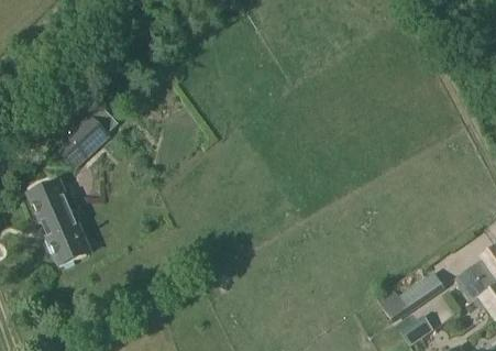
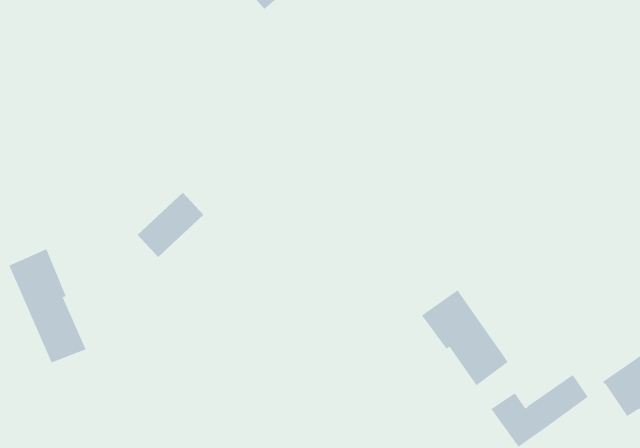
building: [57,116,106,163] -> [137,192,204,258]
building: none -> [421,290,509,386]

